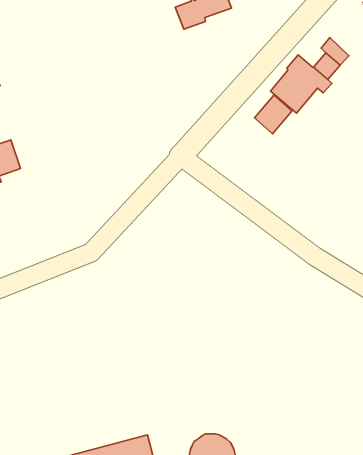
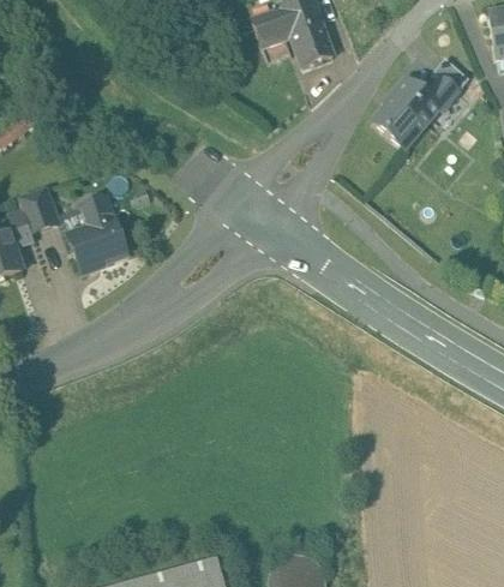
building: none -> [288,19,331,66]
building: [254,95,292,134] -> none
building: none -> [67,196,125,269]

